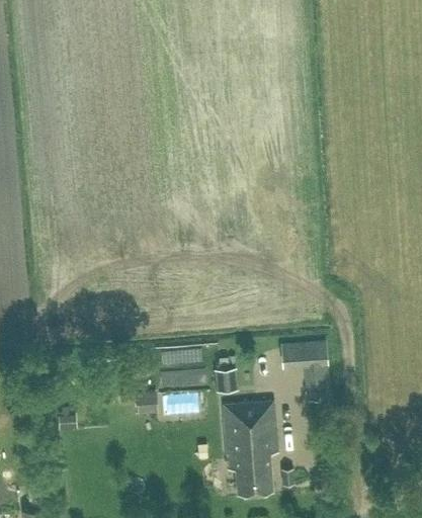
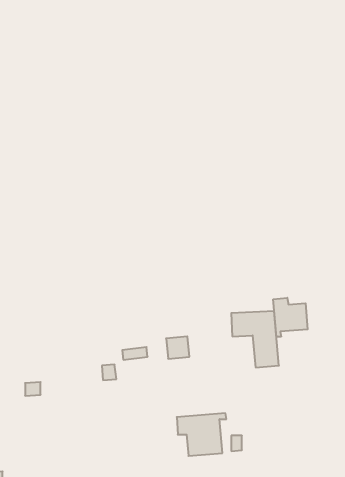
building: none -> [273,298,308,337]
building: [221,403,275,452] -> none

